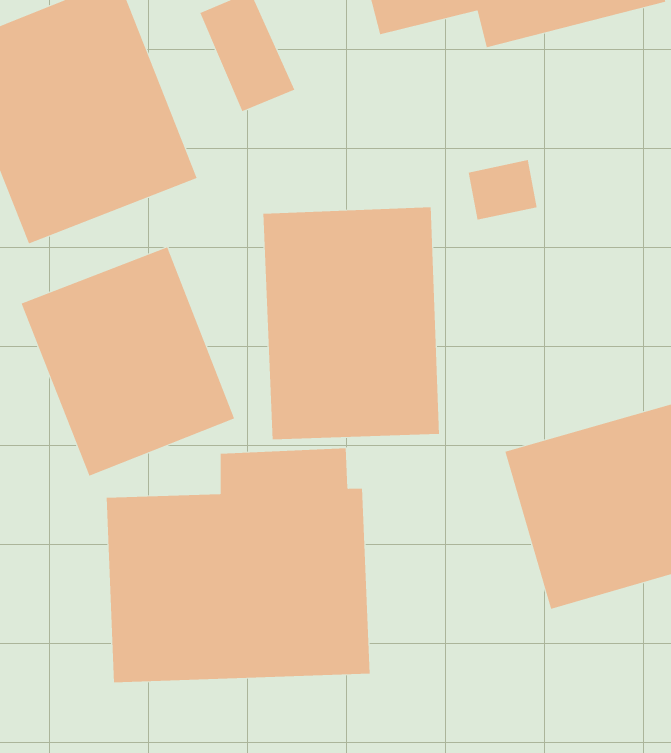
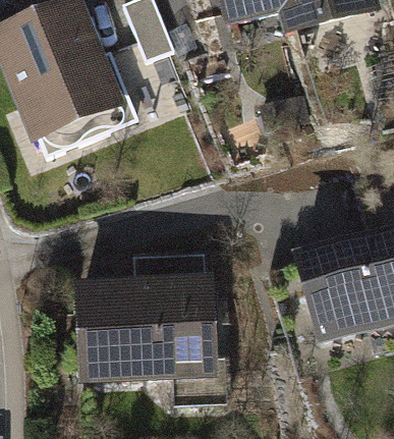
building: [263,207,439,440] -> none
building: [21,246,235,477] -> none

